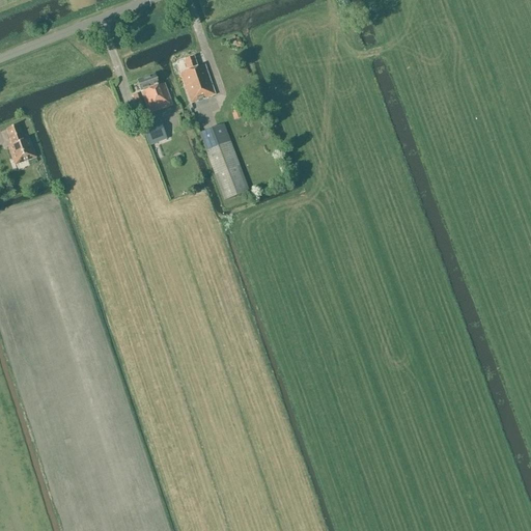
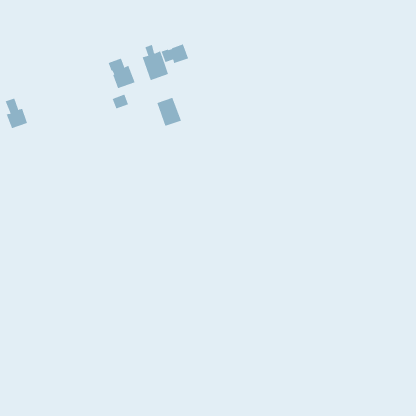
building: none -> [161,43,189,64]
building: [211,153,246,199] -> none

